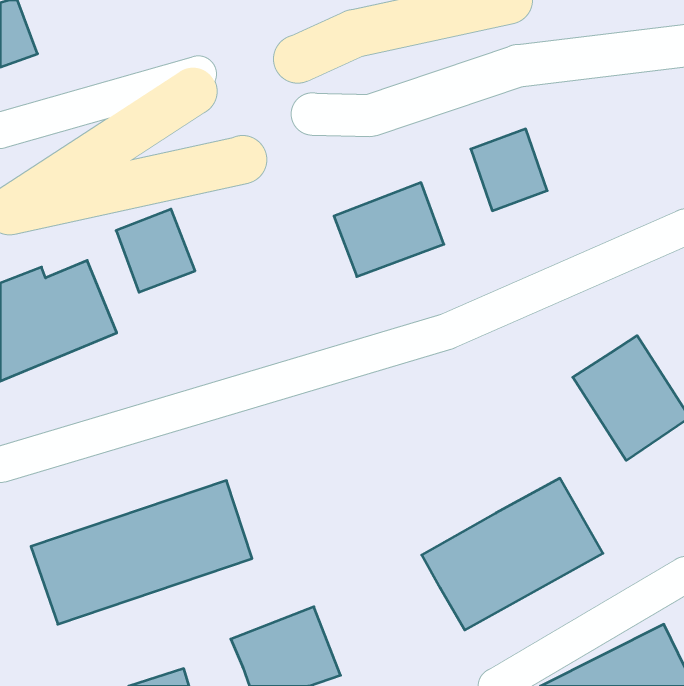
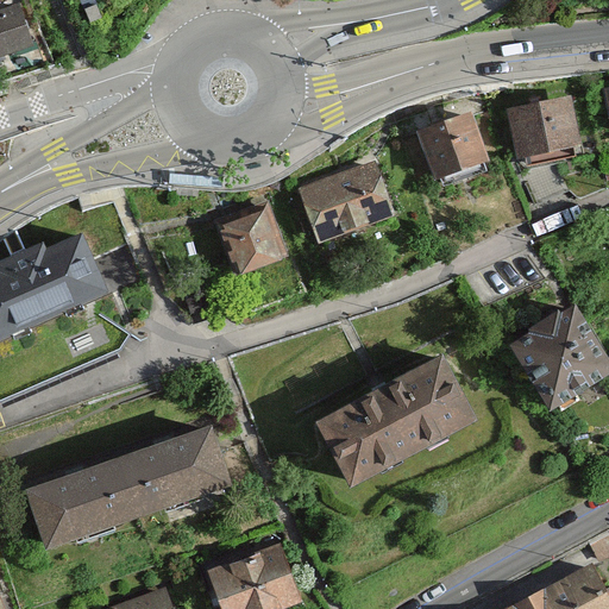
building: none -> [506,95,577,157]
building: [116,209,195,292] -> [214,205,284,278]
building: [422,478,603,630] -> [315,353,476,488]

